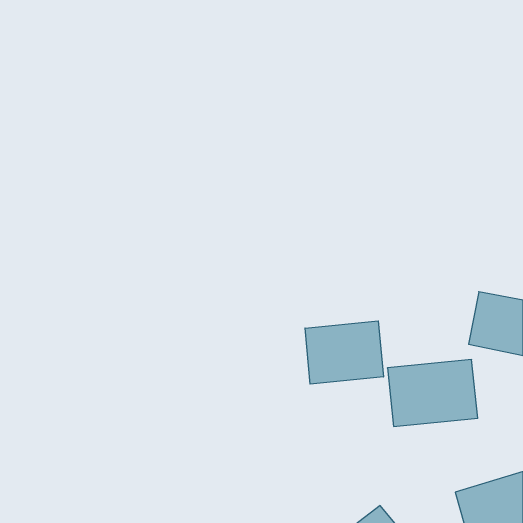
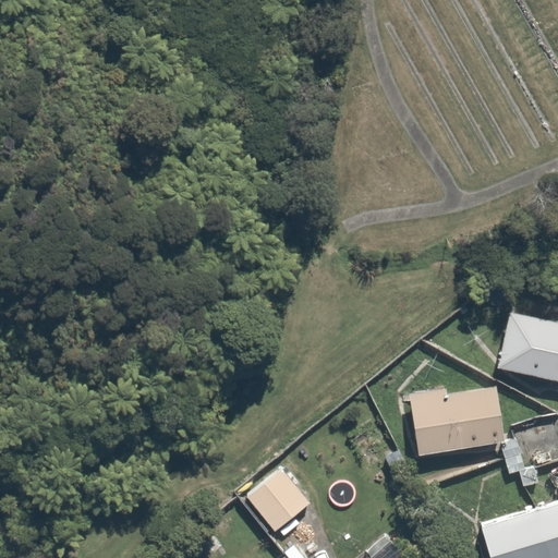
building: [305,321,383,384] -> none
building: none -> [248,470,315,536]

